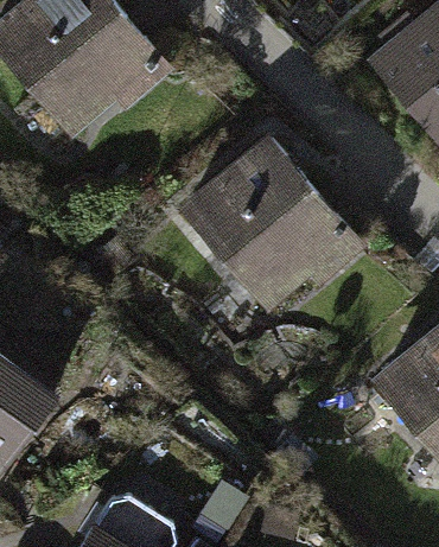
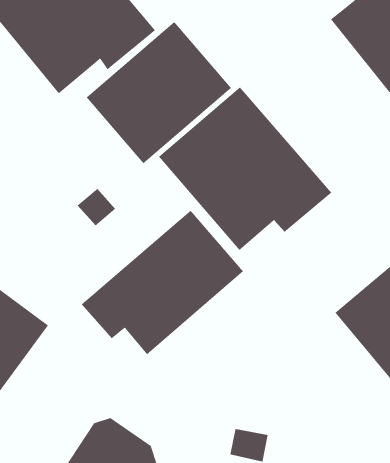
building: none -> [86,21,232,164]
building: none -> [81,210,244,355]

